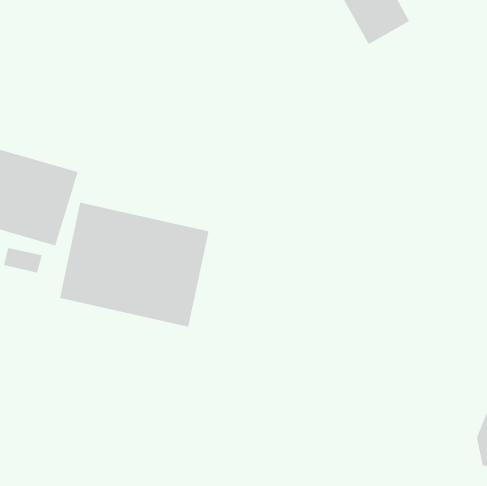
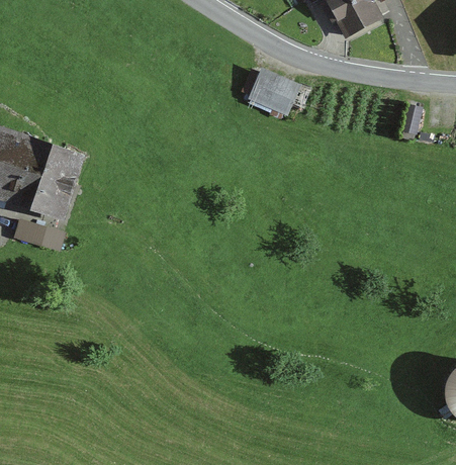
building: none -> [252,69,306,110]
building: [59,202,209,328] -> none

